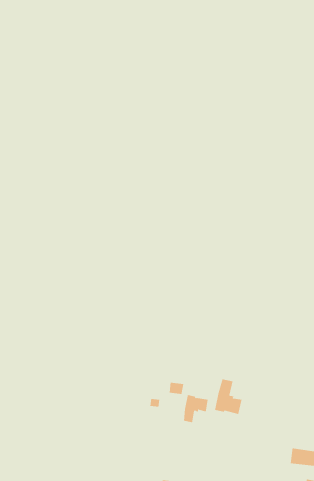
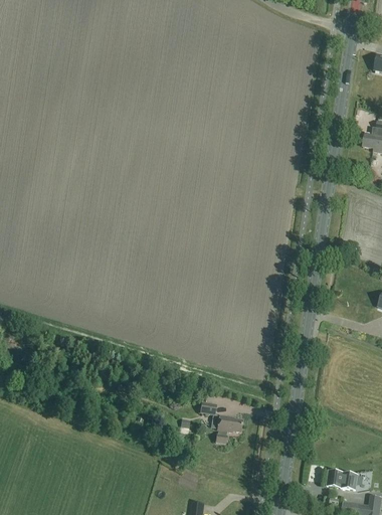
building: [214,379,242,415] -> none

